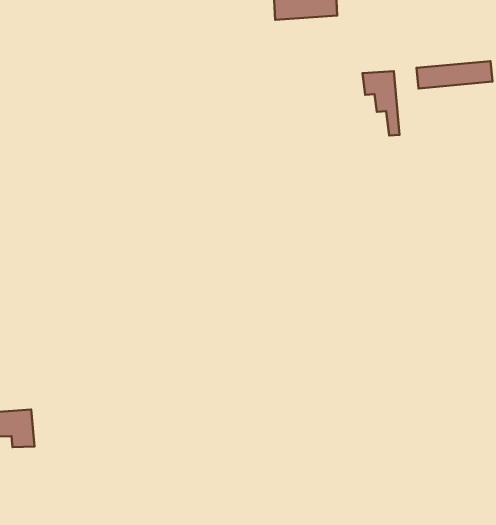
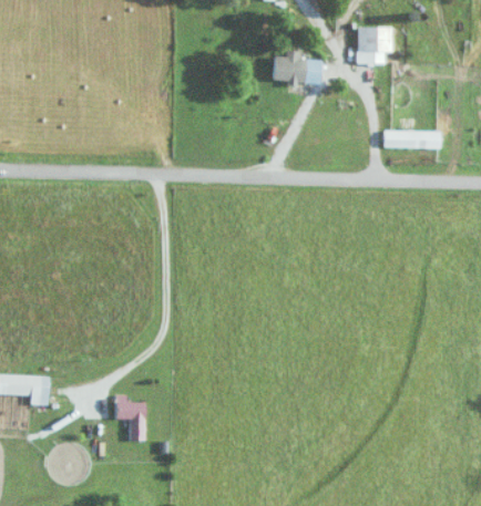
building: [362,71,399,135] -> none
building: none -> [114,399,146,441]

